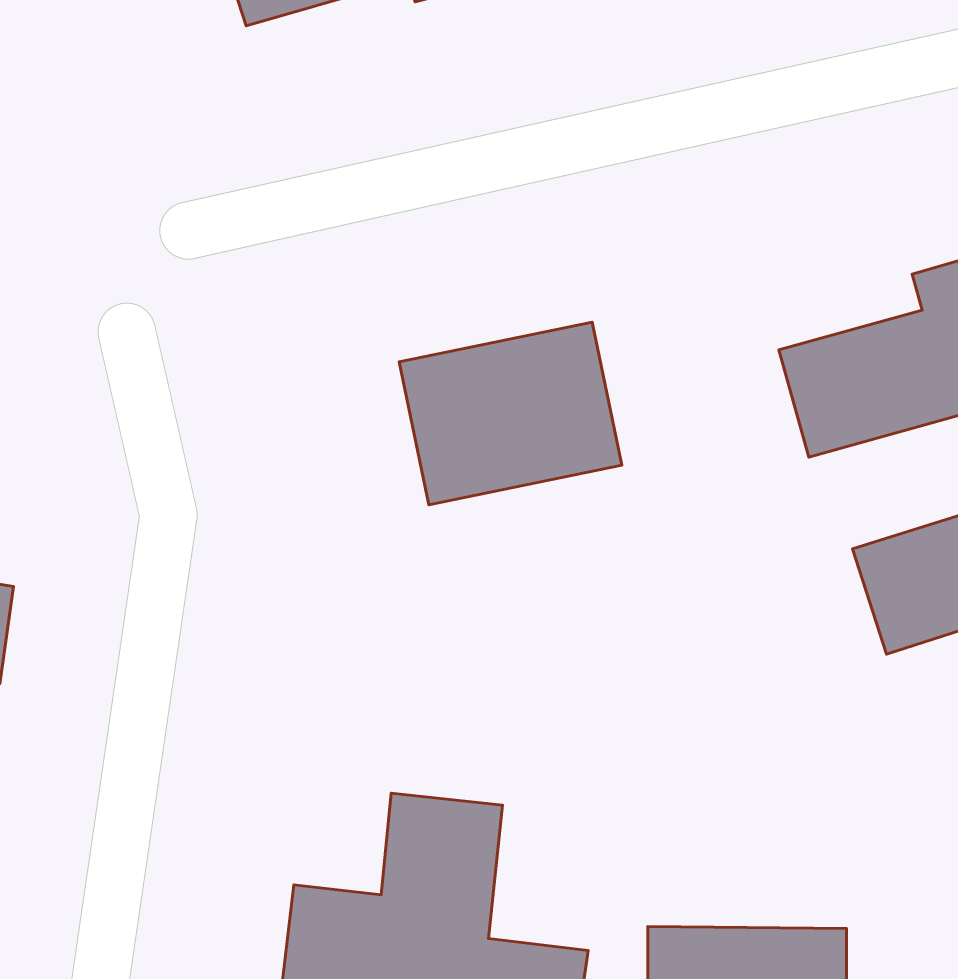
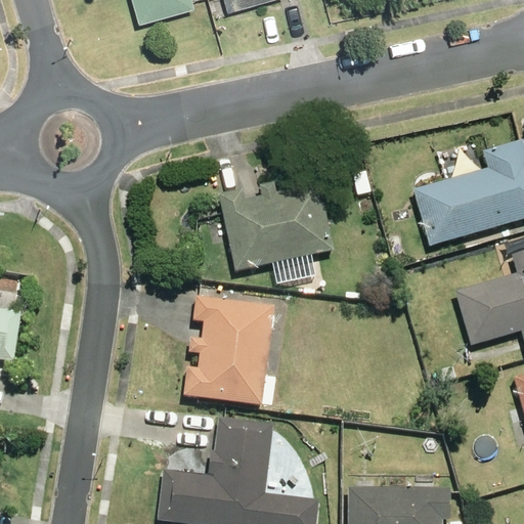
building: none -> [181,294,275,405]

